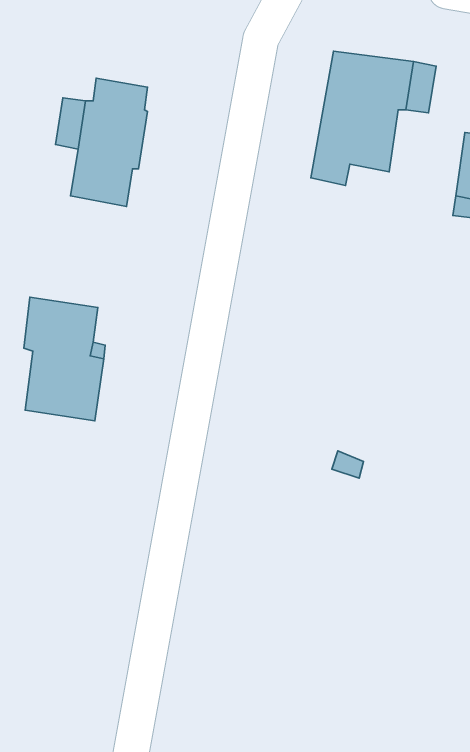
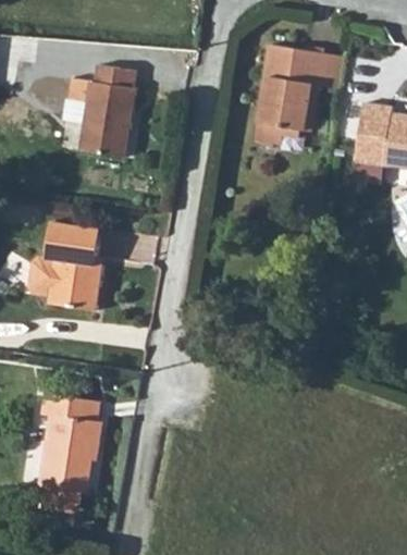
building: none -> [39,393,99,493]

